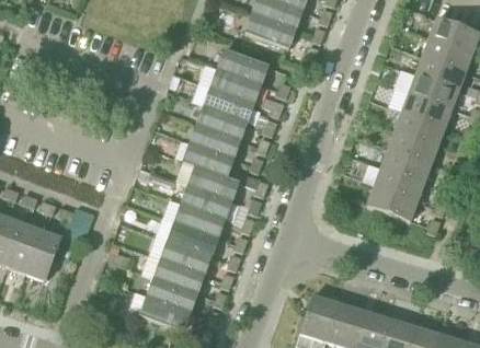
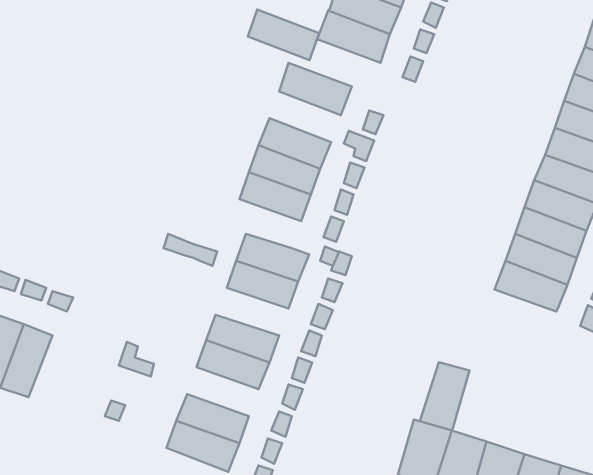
building: [210,68,260,103] -> [248,9,319,60]
building: [182,142,232,176] -> none
building: [173,204,224,236] -> none
building: none -> [420,362,469,430]
building: [153,258,203,292] -> none

